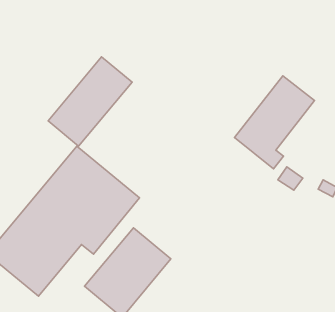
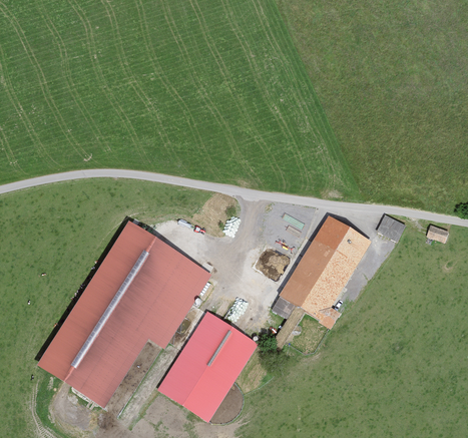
building: [48,57,132,146] -> none
building: [234,76,315,169] -> [279,214,370,329]

